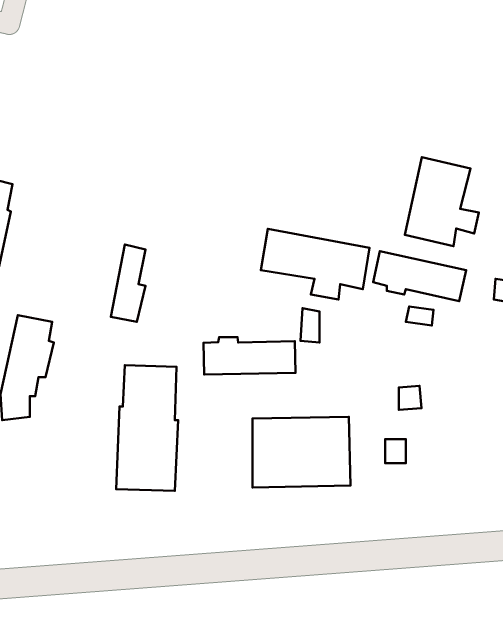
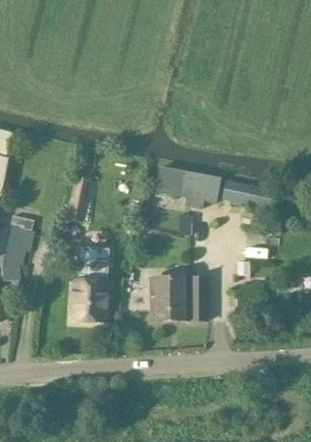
building: [405,157,479,246] -> none
building: [204,337,295,374] -> none

